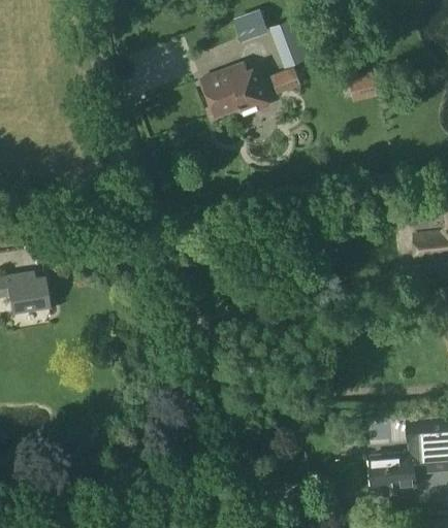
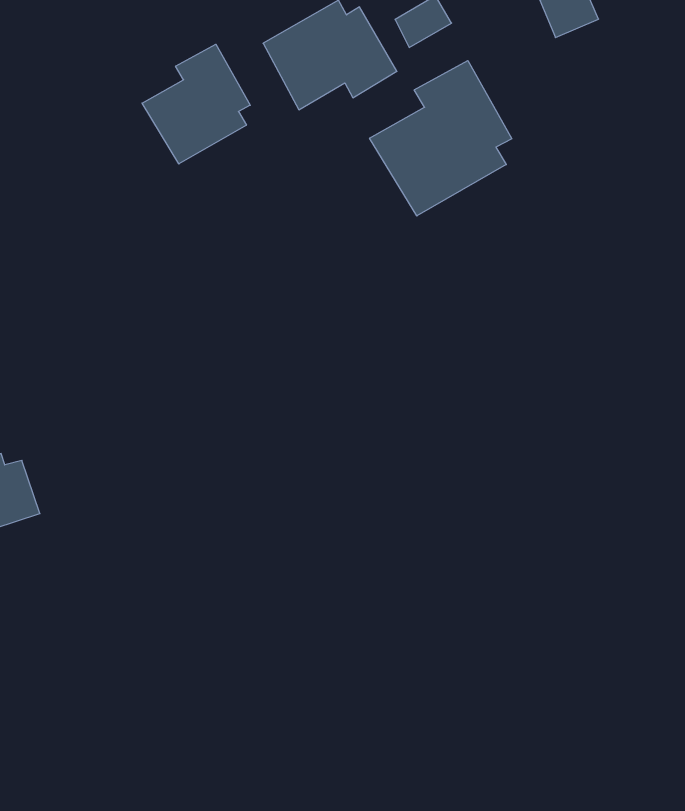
building: none -> [142,44,250,164]
building: none -> [370,61,512,216]

